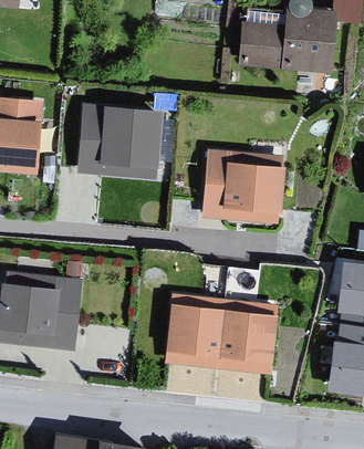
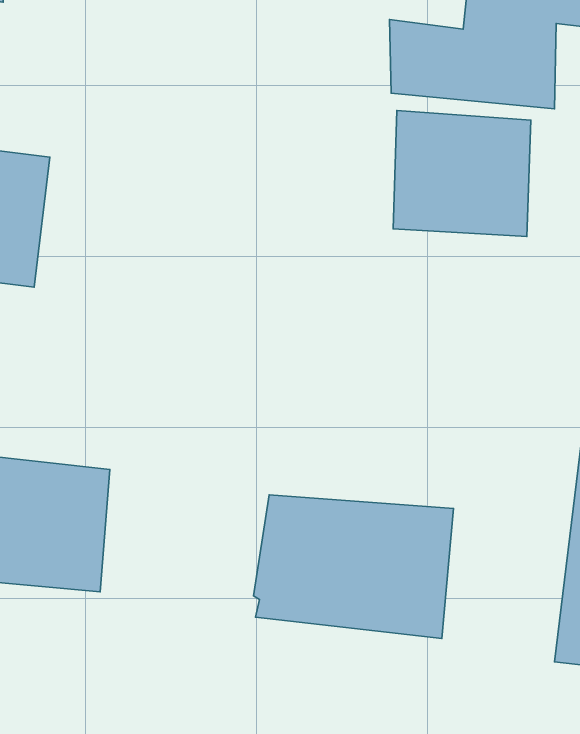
building: [75,108,162,182] -> none
building: [204,152,282,223] -> [393,110,531,237]

